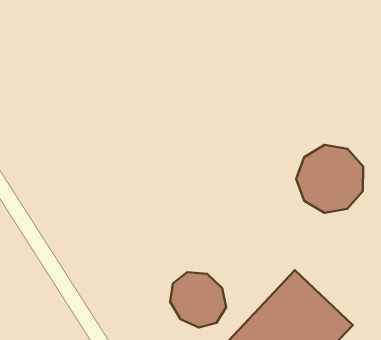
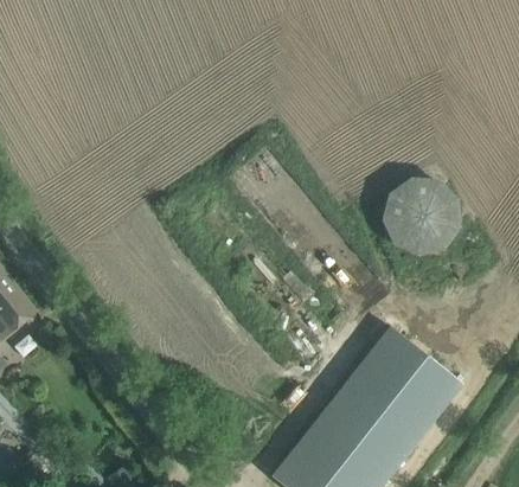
building: [170,272,226,328] -> none

